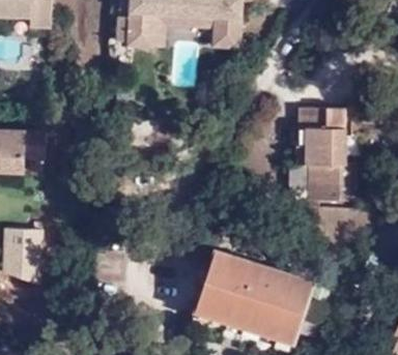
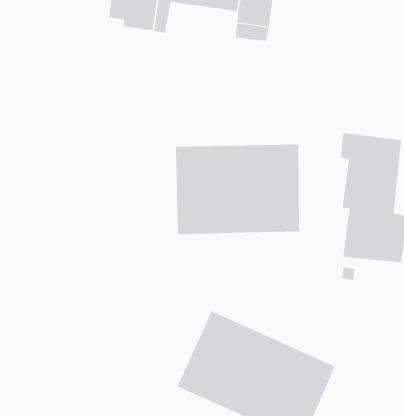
building: none -> [175,144,300,235]

